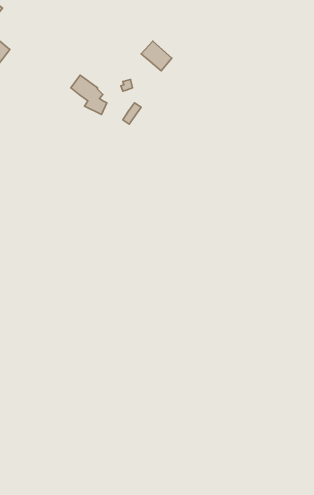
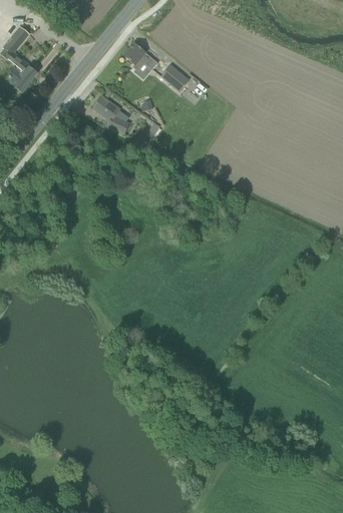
building: none -> [125,42,159,78]

